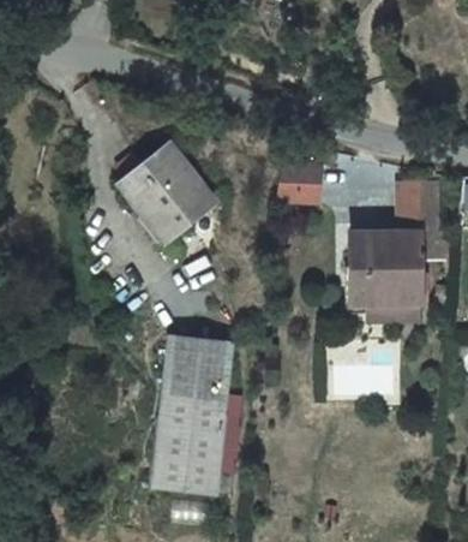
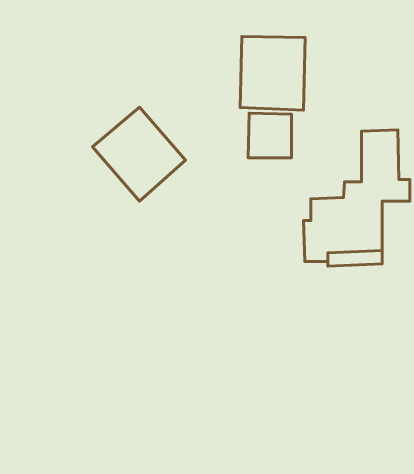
building: none -> [240,36,305,110]
building: [154,347,236,506] -> none

